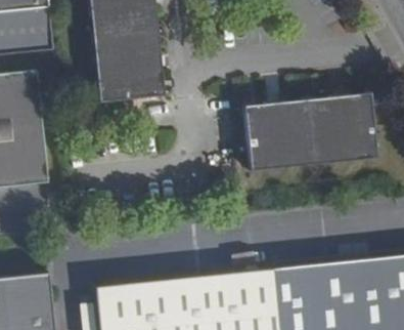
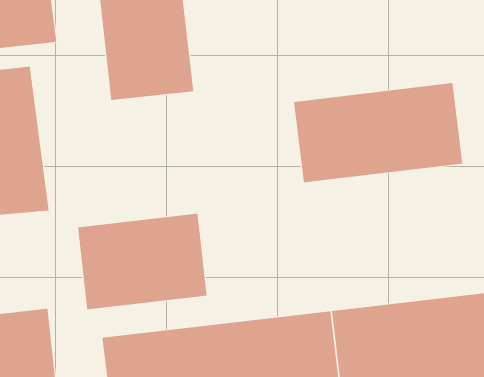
building: none -> [78,213,207,310]

